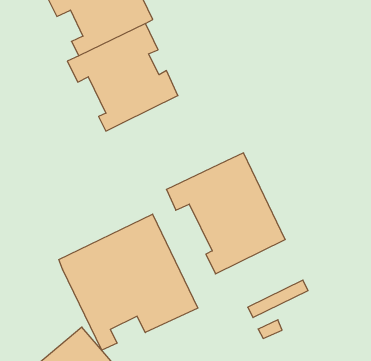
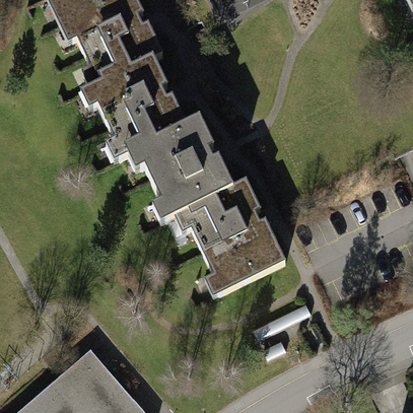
building: none -> [131,119,231,223]
building: [59,214,198,350] -> none

